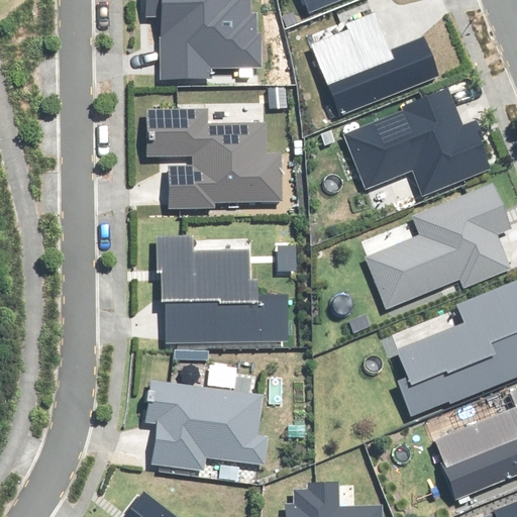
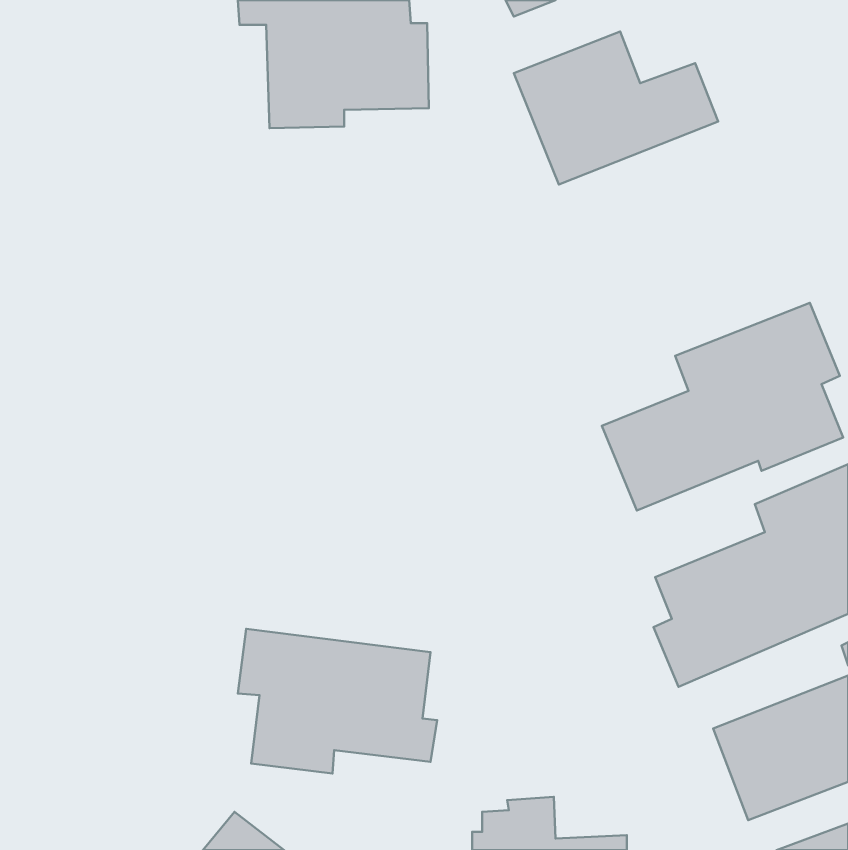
building: [345,93,491,195] -> none
building: [145,108,281,207] -> none
building: [154,238,288,343] -> none

